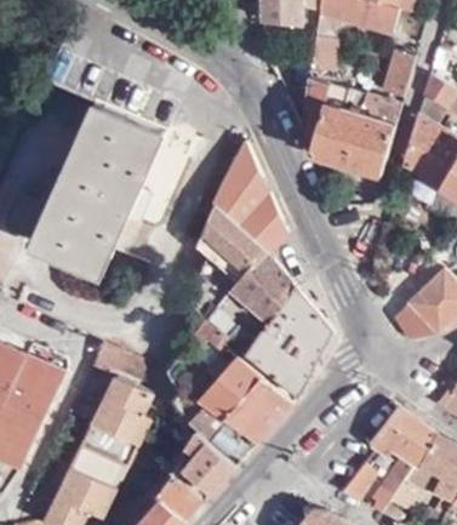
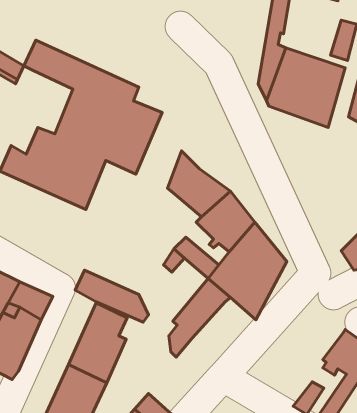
building: [210,139,286,250] -> none
building: [224,376,290,441] -> none
building: [172,433,234,495] -> none

